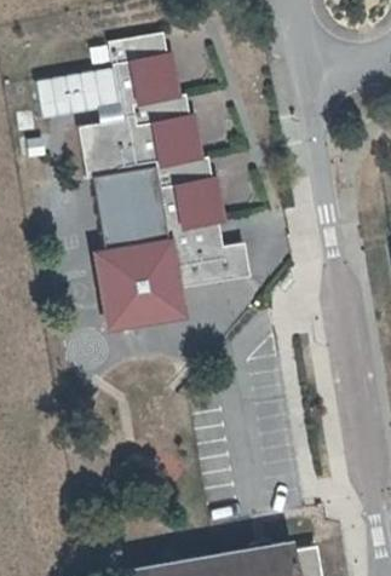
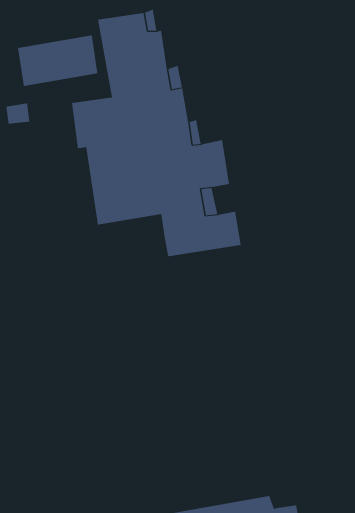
building: [98,250,184,336] -> none

